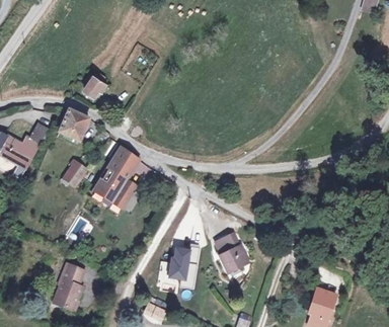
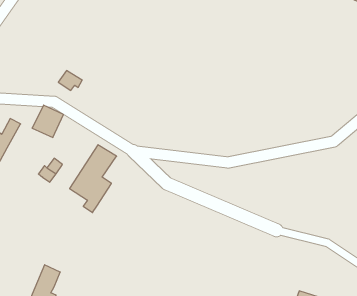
building: [216,233,248,269] -> none
building: [168,245,199,288] -> none

